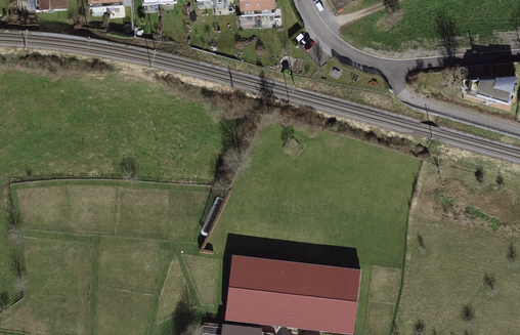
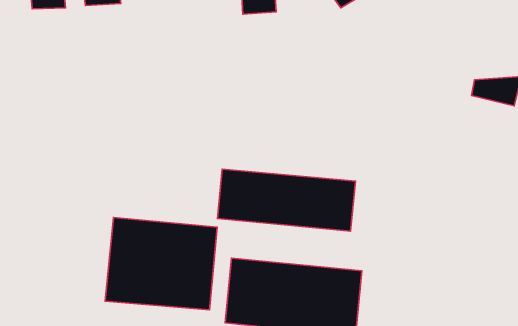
building: none -> [217,169,355,231]
building: none -> [105,217,217,310]

